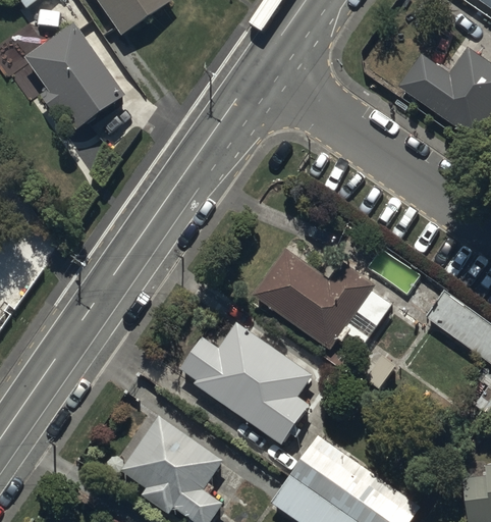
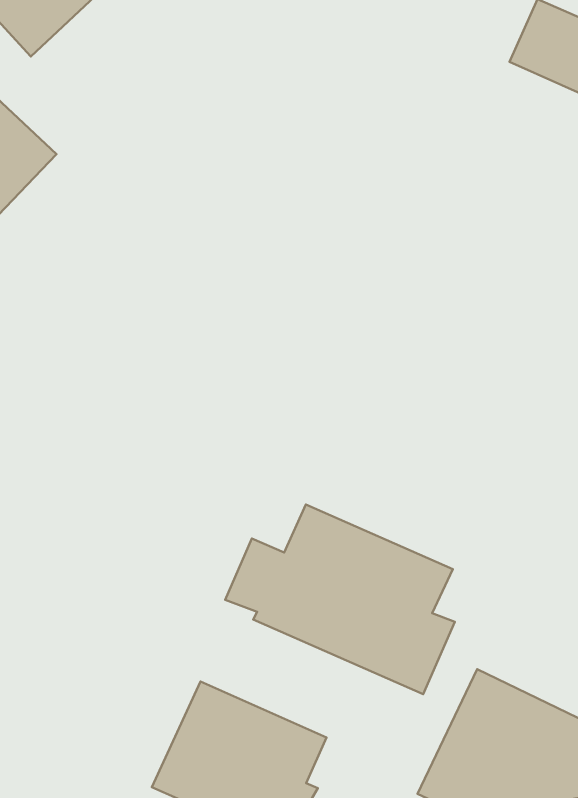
building: [251,247,389,350] -> none

